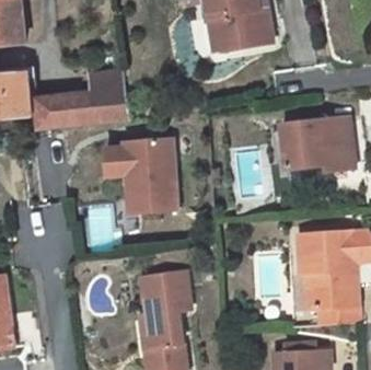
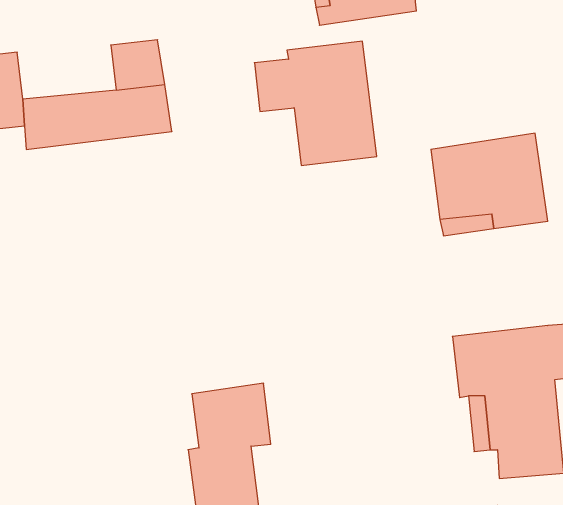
building: [103,136,177,211] -> [254,41,377,165]

